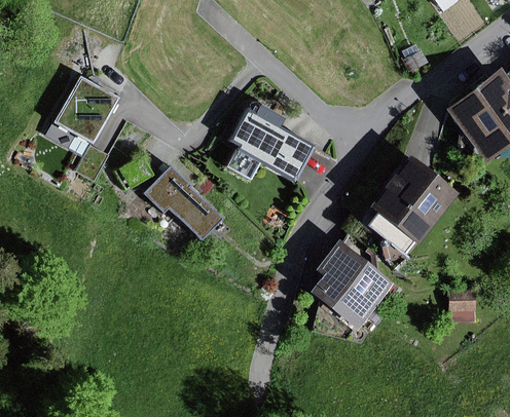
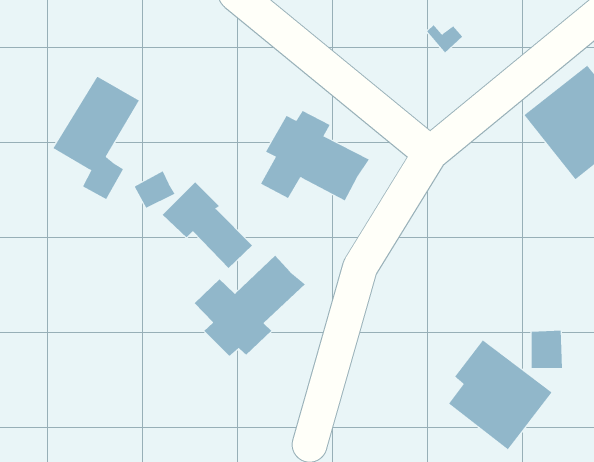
building: [369,154,460,253] -> none
building: none -> [194,255,306,357]
building: [307,238,395,331] -> [448,340,553,450]

